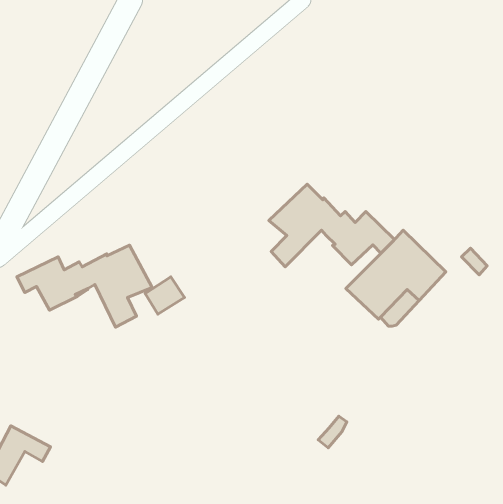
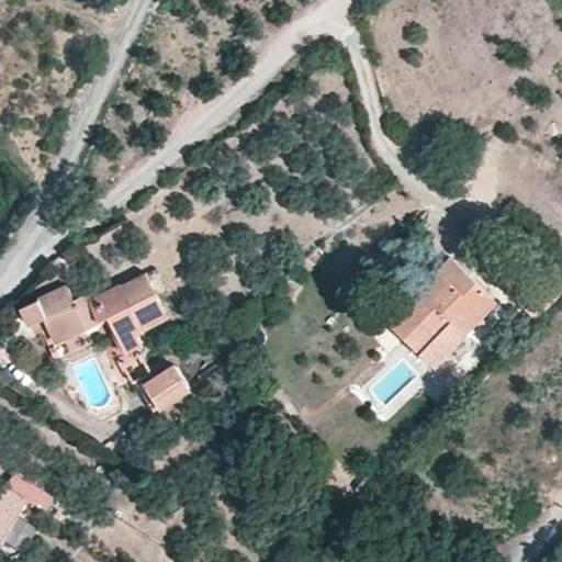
building: [269,184,395,267] -> none
building: [145,277,185,314] -> [145,369,189,411]

